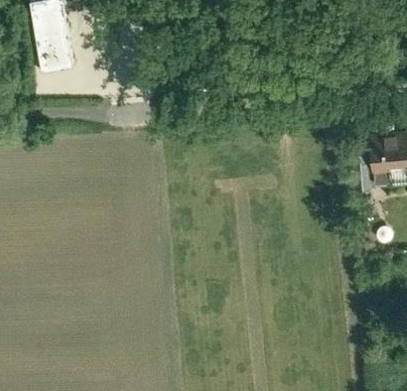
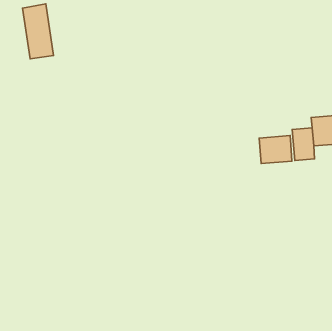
building: none -> [259,136,292,164]

